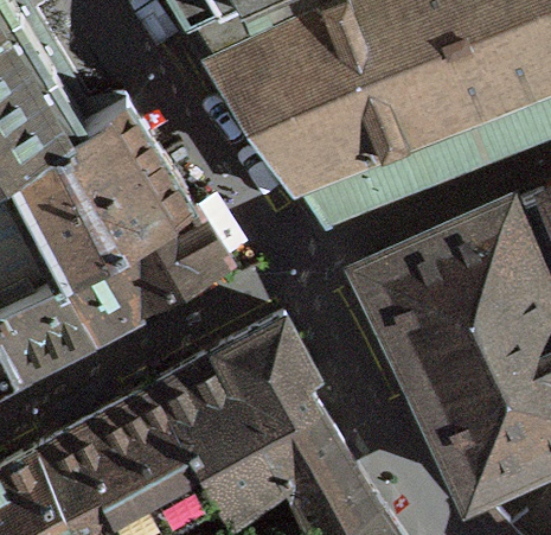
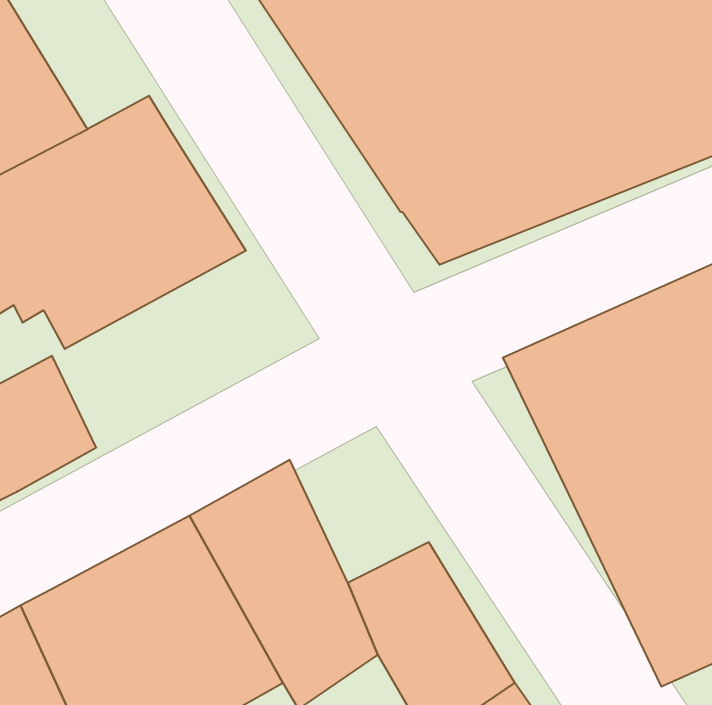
building: [60,204,228,337] -> none
building: [220,314,315,428] -> none

